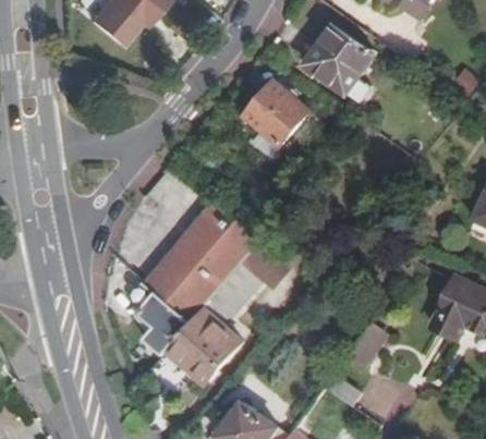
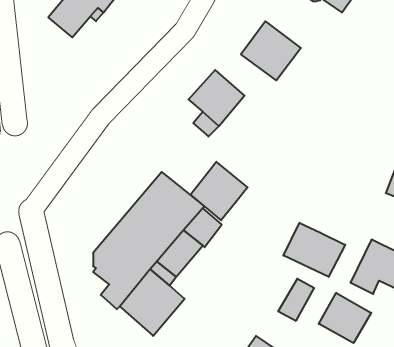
building: none -> [191,162,248,220]
building: none -> [283,223,345,277]
building: none -> [319,293,371,343]

